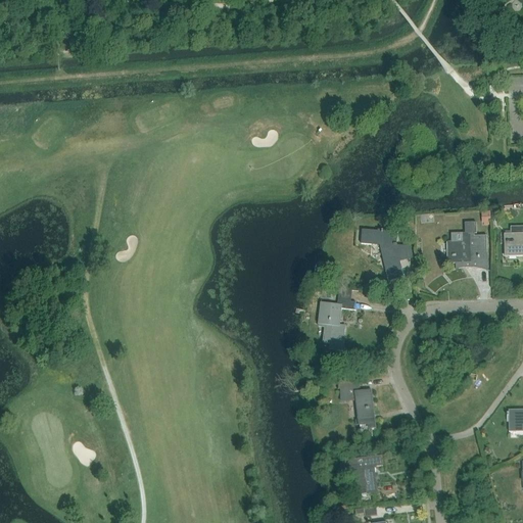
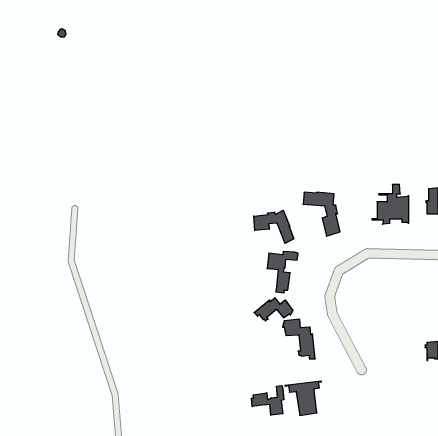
building: none -> [254,210,294,243]
building: none -> [254,298,293,321]
building: none -> [251,386,284,415]

